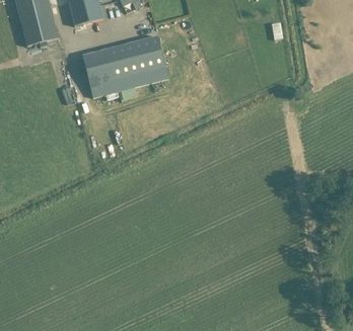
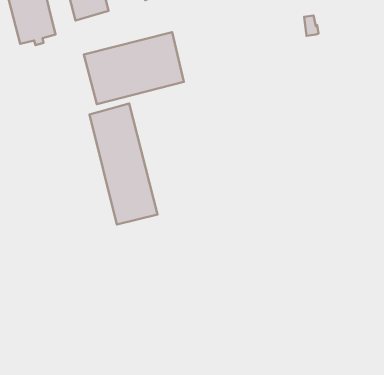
building: none -> [89,103,157,224]

